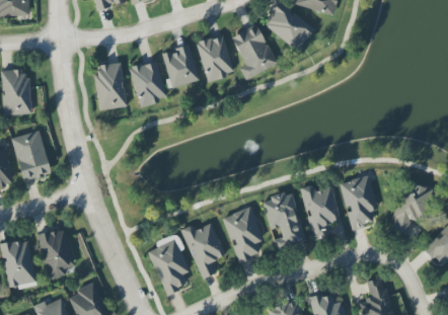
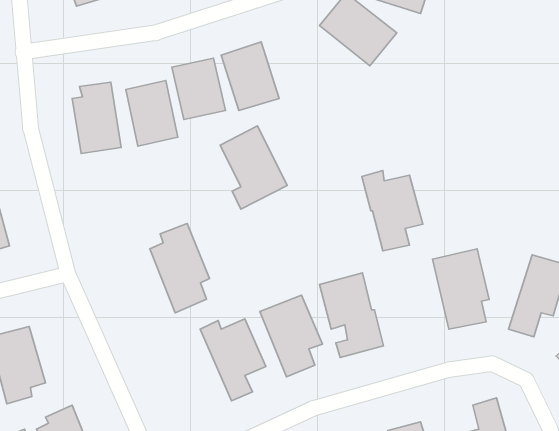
building: [231,23,277,80] -> [220,126,287,209]
building: [300,184,342,239] -> [362,171,423,251]
building: [149,234,190,295] -> [150,223,209,313]

